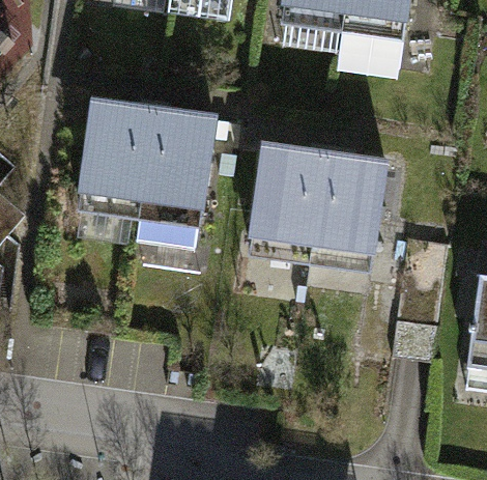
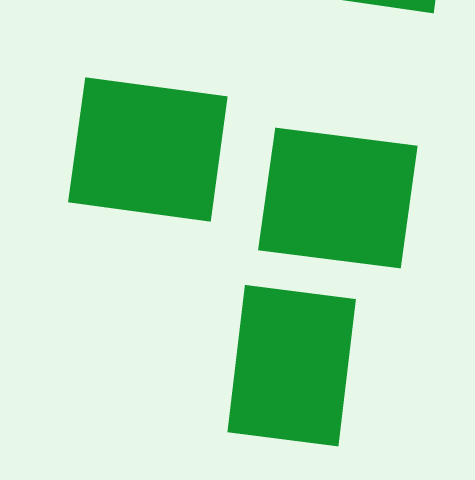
building: none -> [227,284,356,447]

